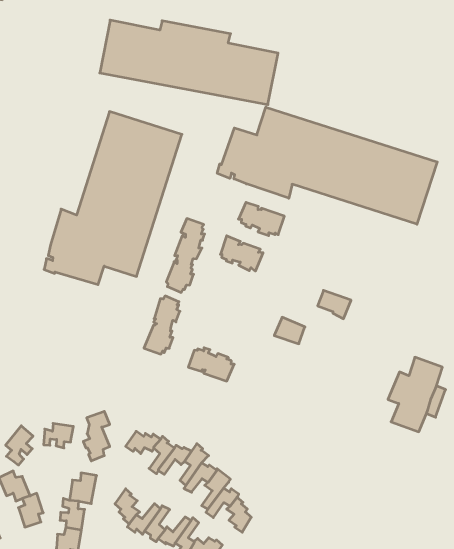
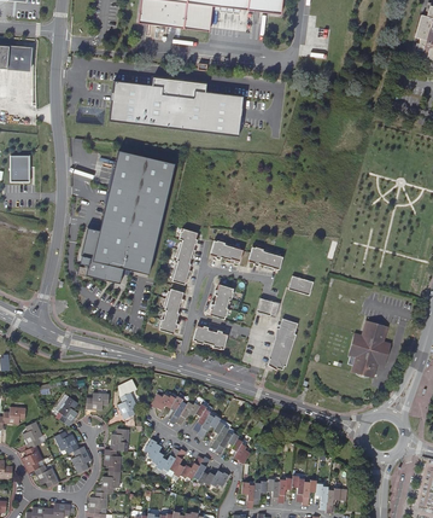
building: [217,107,437,224] -> none
building: [238,202,284,236] -> [248,245,283,269]
building: none -> [211,284,235,319]
building: none -> [268,318,298,369]

